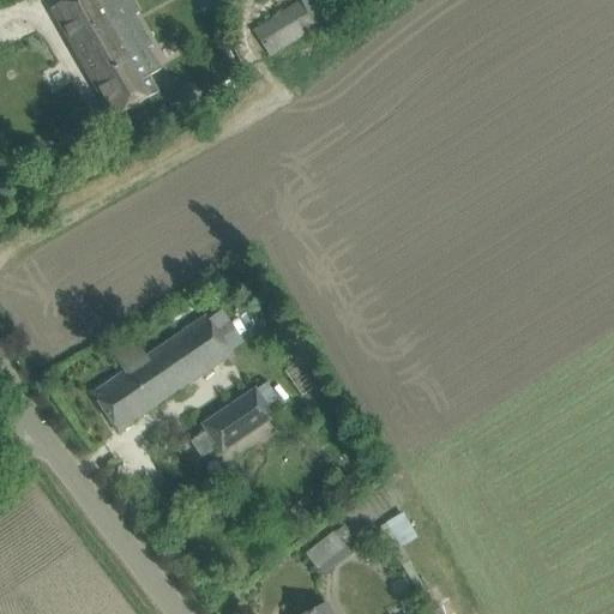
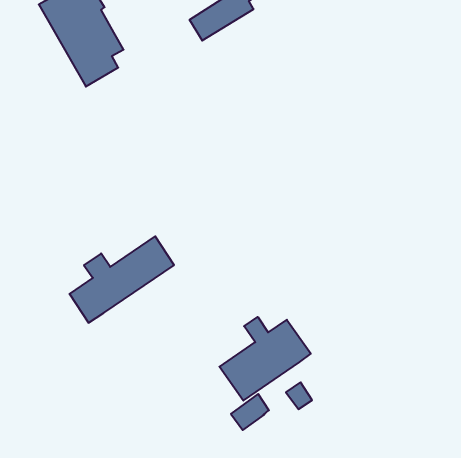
building: [204,387,272,449] -> none
building: none -> [219,317,311,401]

